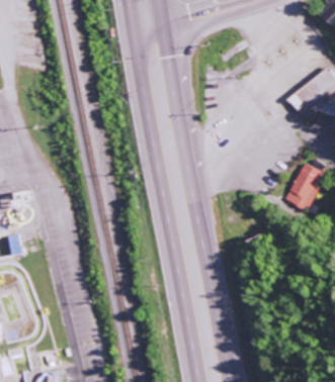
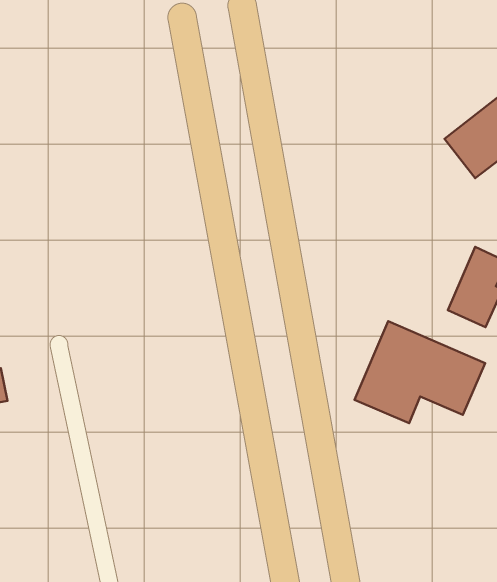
building: none -> [355,321,485,423]

